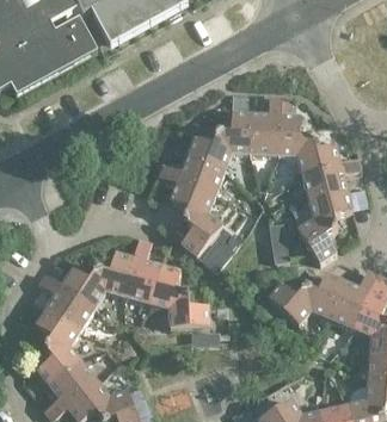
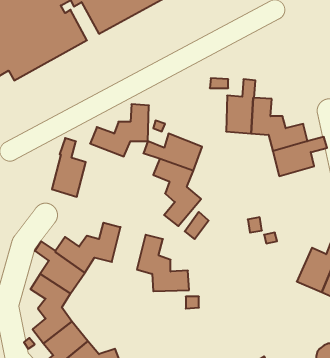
building: [185,111,250,168] -> [90,104,149,156]
building: [296,190,351,261] -> none
building: [123,238,160,303] -> [52,138,86,197]
building: [268,272,343,323] -> none

